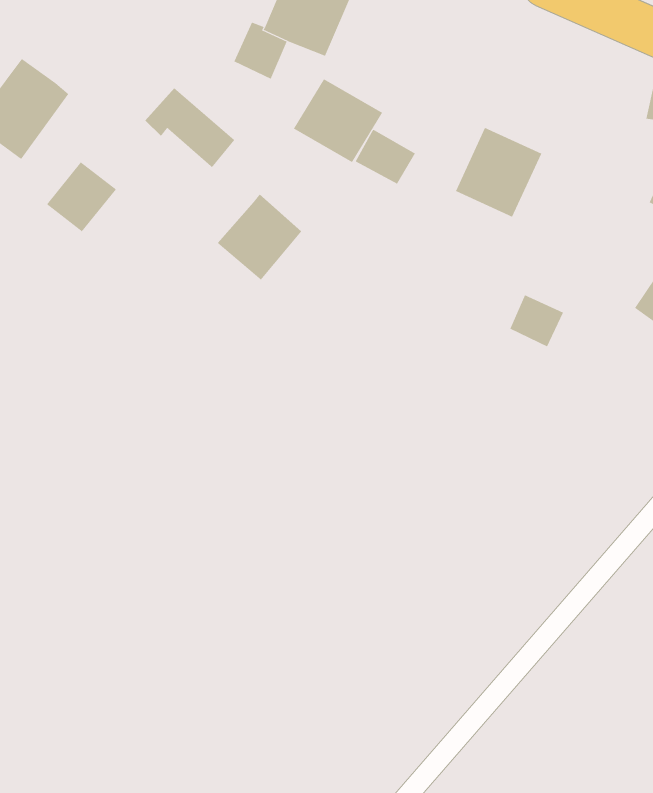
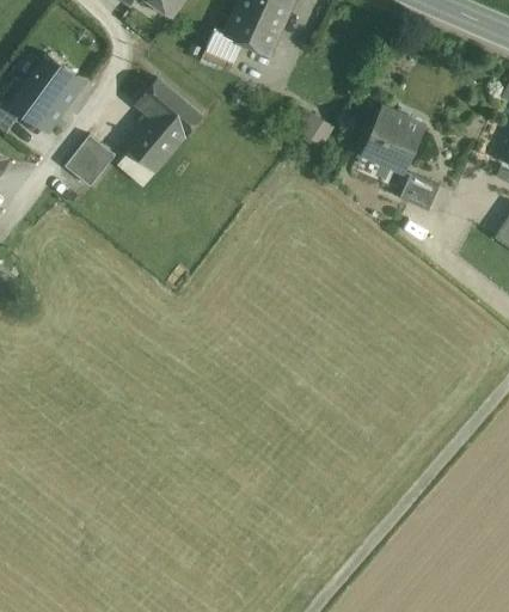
building: [293,78,383,163] -> none
building: [217,194,302,281] -> [122,109,184,172]
building: [510,294,564,347] -> [399,175,439,213]

